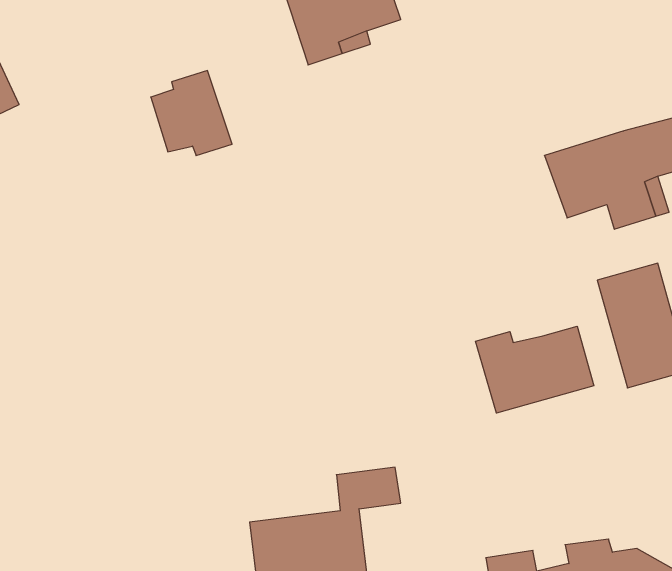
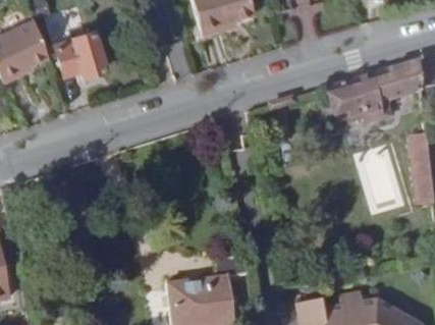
building: [151,71,232,156] -> [63,29,107,74]
building: [476,326,594,413] -> none

